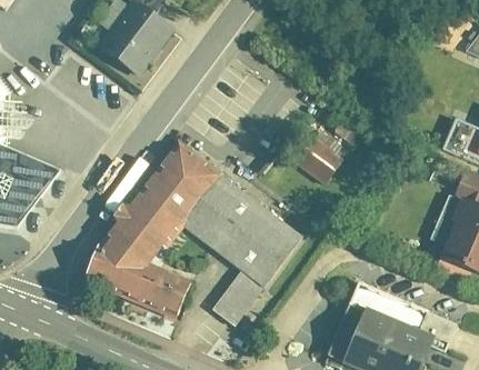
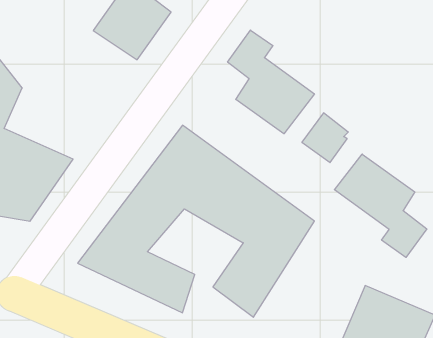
building: none -> [228,30,314,134]
building: none -> [334,154,427,257]

